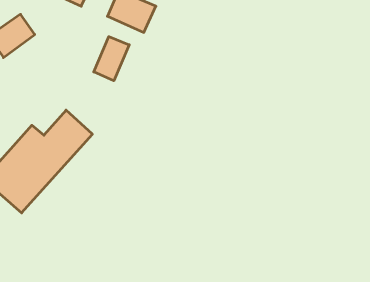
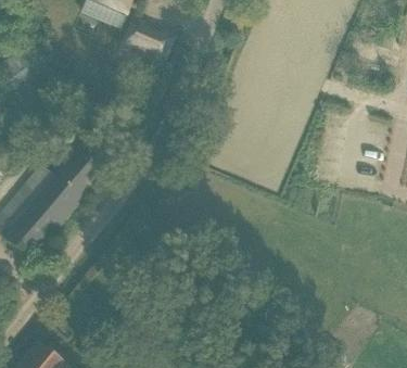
building: [94,37,129,81] -> none

